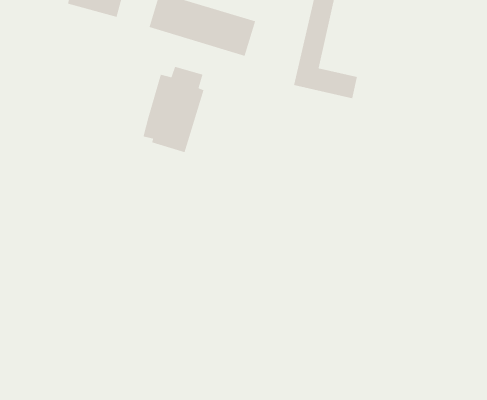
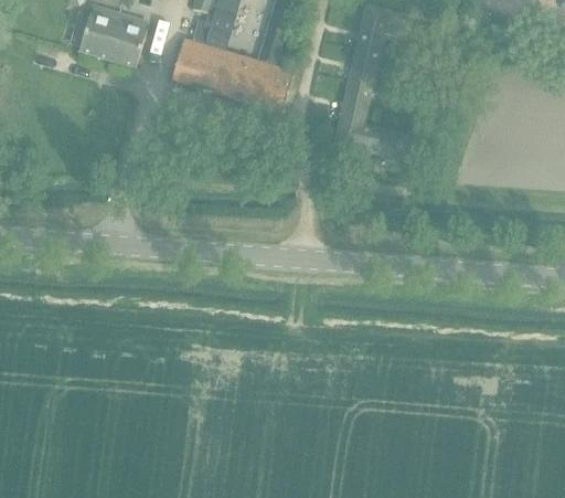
building: [143,66,204,153] -> none

